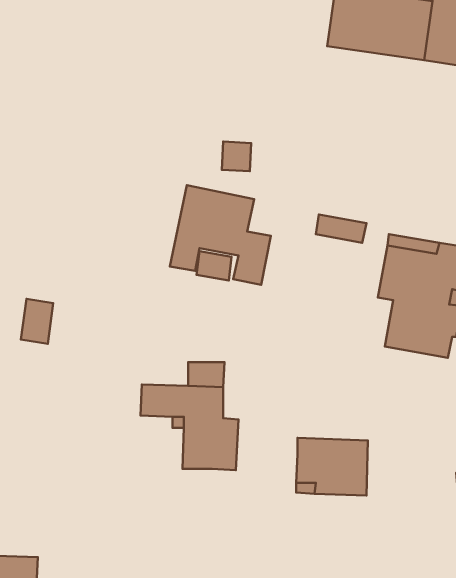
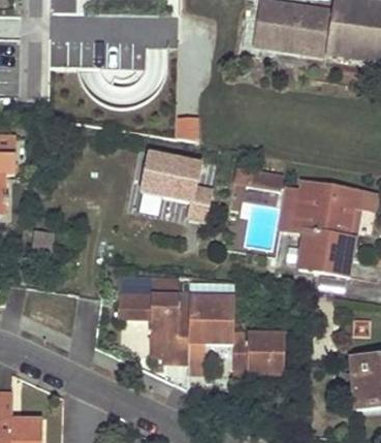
building: none -> [188,298,234,372]

